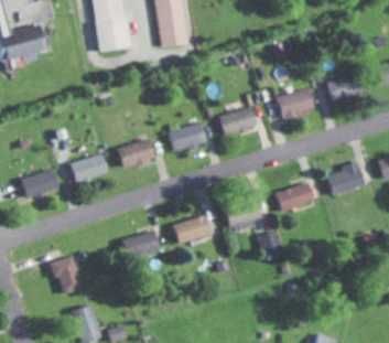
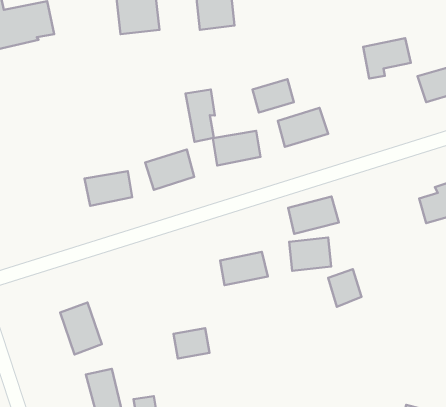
building: none -> [252,79,294,113]
building: [278,88,314,119] -> [363,38,411,79]
building: none -> [185,89,215,142]
building: [21,168,61,199] -> none
building: [277,182,315,211] -> [288,196,339,234]
building: [131,232,159,255] -> [173,328,209,358]

